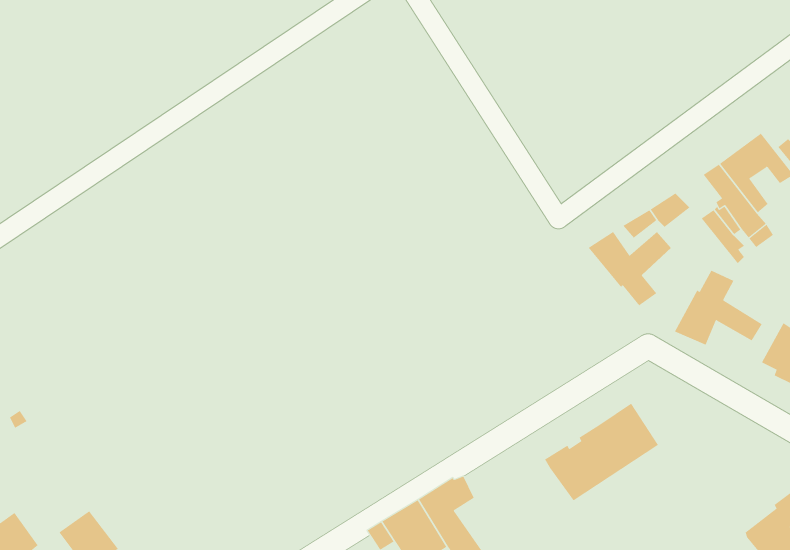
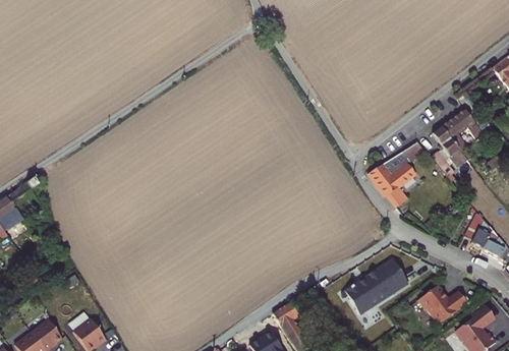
building: [674,270,762,345] -> none
building: none -> [417,284,467,324]

